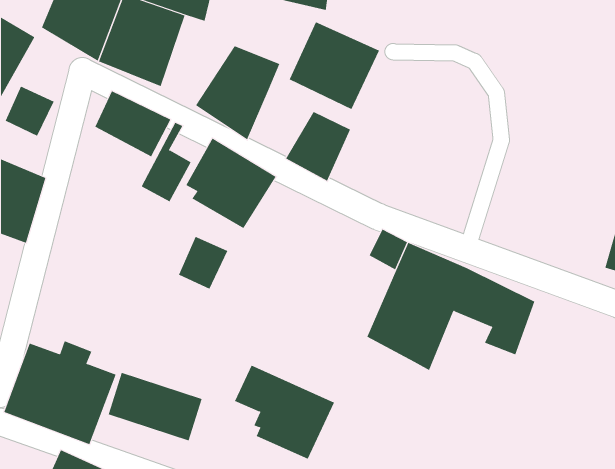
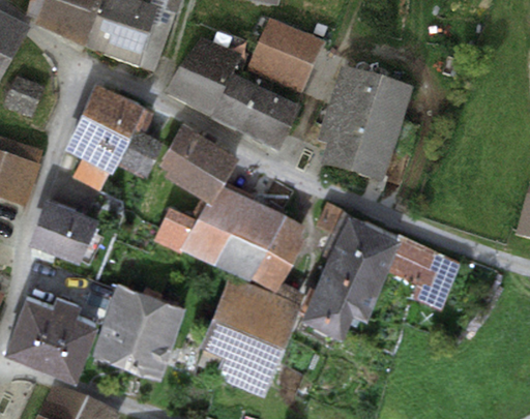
building: none -> [307,73,412,191]
building: none -> [211,79,267,138]
building: none -> [64,111,129,187]
building: none -> [186,182,306,288]
building: none -> [30,197,92,258]
building: none -> [214,275,306,346]
building: none -> [104,280,185,342]
building: none -> [302,290,353,338]

